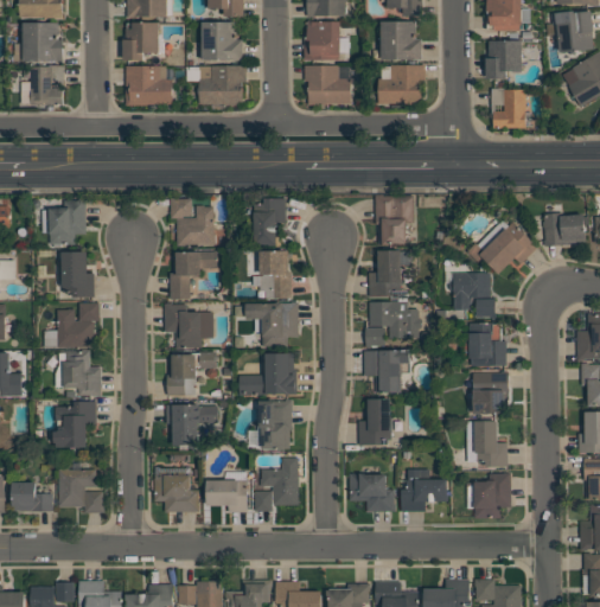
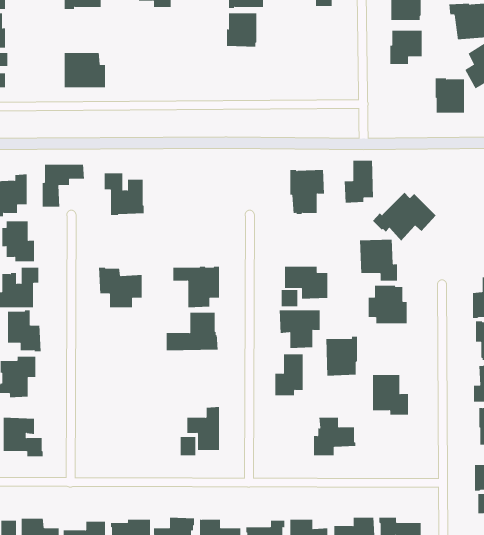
building: [382,20,422,59] -> none
building: [125,21,160,59] -> none
building: [203,21,243,60] -> none
building: [306,64,352,104] -> none
building: [378,64,426,104] -> none
building: [199,65,247,106] -> none
building: [492,88,525,127] -> [435,78,465,113]
building: [255,198,287,245] -> none
building: [543,212,586,245] -> none
building: [369,249,402,296] -> [344,160,374,203]
building: [260,250,292,298] -> none
building: [171,251,218,299] -> [42,164,85,207]
building: [167,351,218,395] -> none
building: [473,370,509,414] -> [325,336,358,376]
building: [260,398,293,449] -> none
building: [166,404,218,445] -> none
building: [154,466,200,512] -> none
building: [474,472,511,517] -> none
building: [350,473,396,511] -> none
building: [208,479,248,511] -> none

